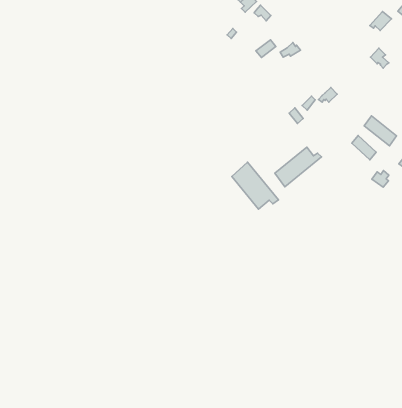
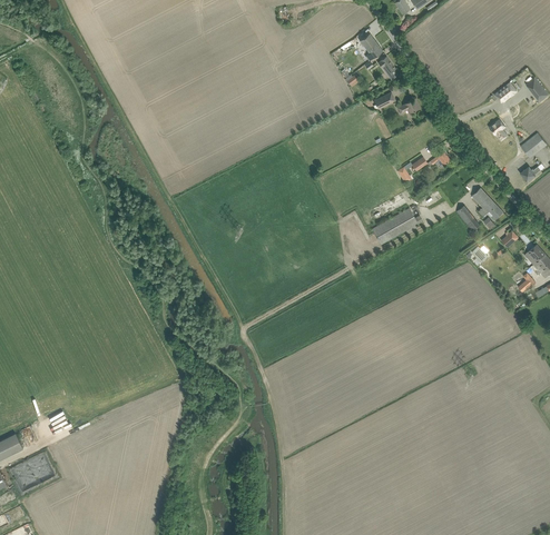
building: [232,162,278,209] -> none

